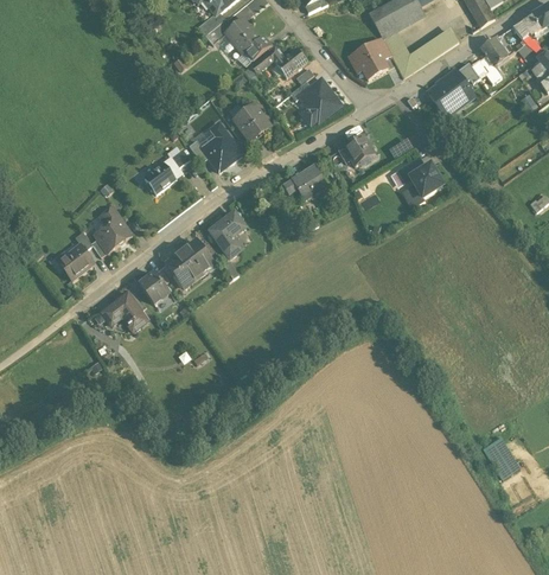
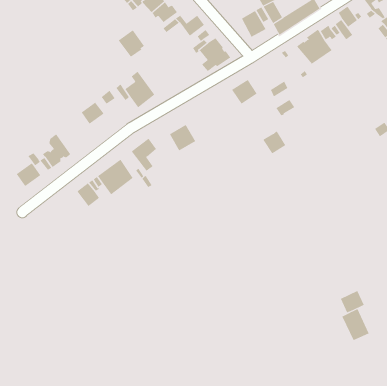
building: [234,104,269,141] -> [118,30,145,58]
building: [292,164,327,199] -> [169,124,196,151]
building: [411,167,442,198] -> [263,131,286,154]
building: [101,288,147,326] -> none
building: none -> [340,290,364,313]

